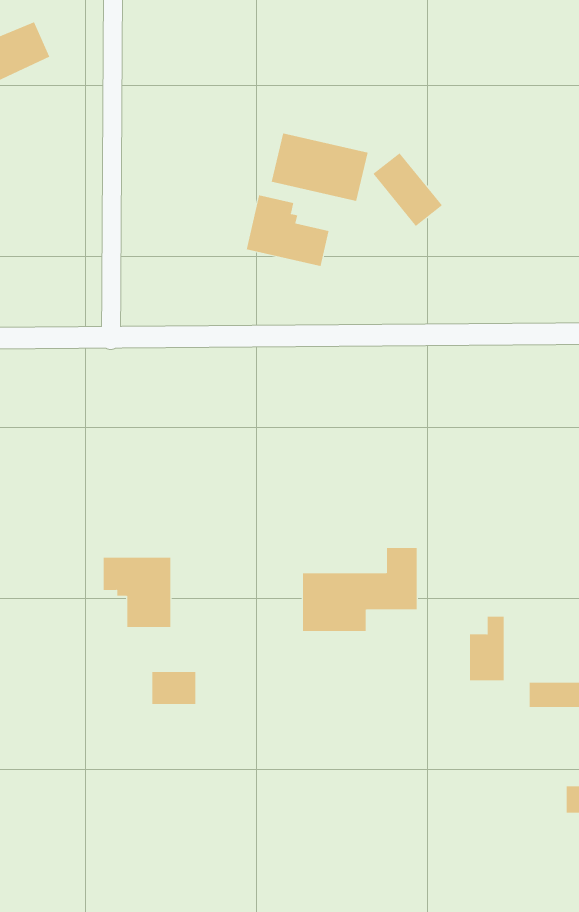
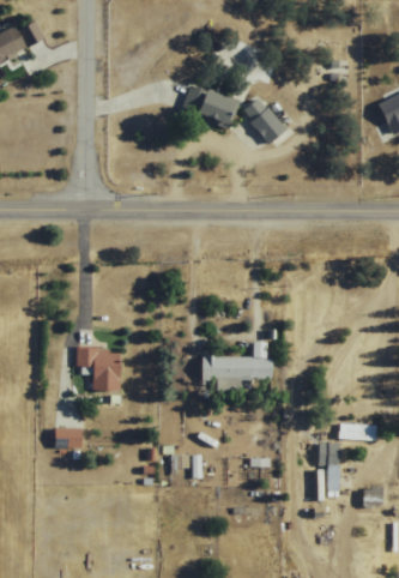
building: [246,194,329,267] -> none
building: [469,616,504,681] -> [316,458,338,498]
building: [151,671,196,705] -> [54,427,81,447]

